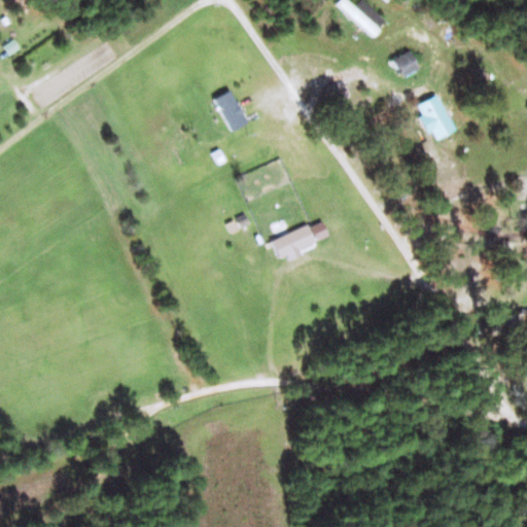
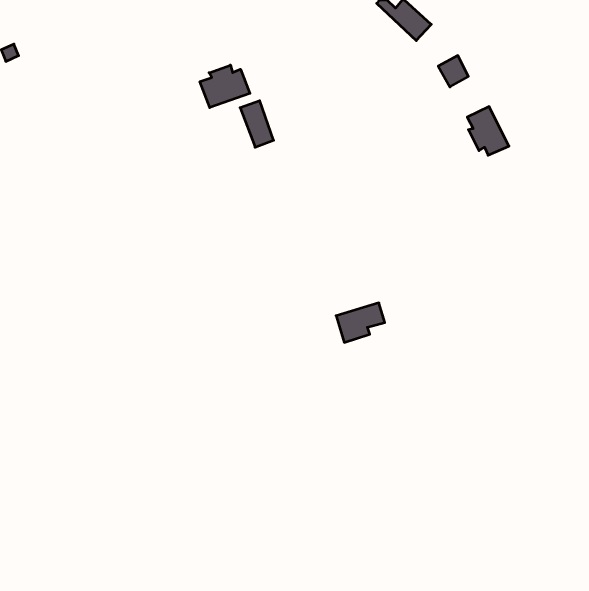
building: none -> [200,65,250,108]
building: [273,226,316,261] -> [336,303,385,342]

